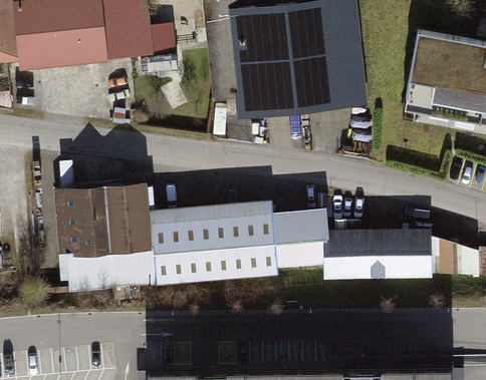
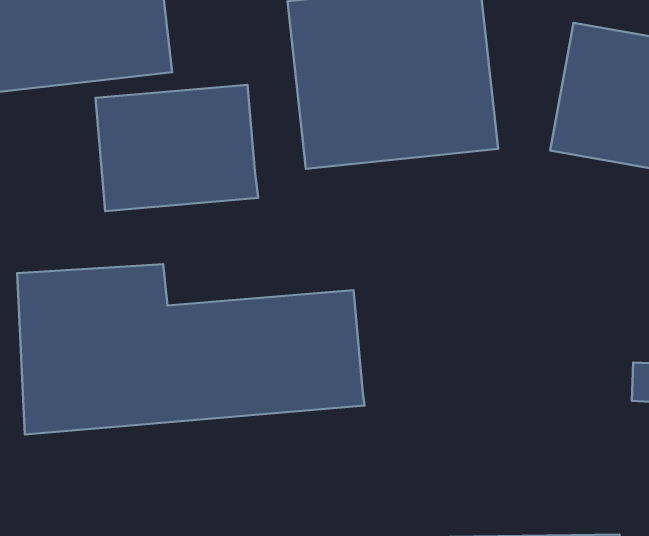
building: none -> [96,85,258,211]
building: [276,208,437,281] -> none

